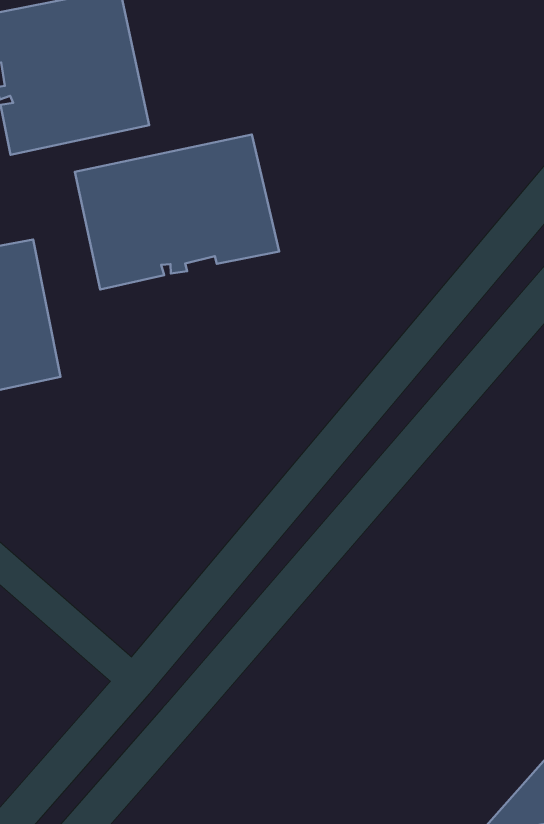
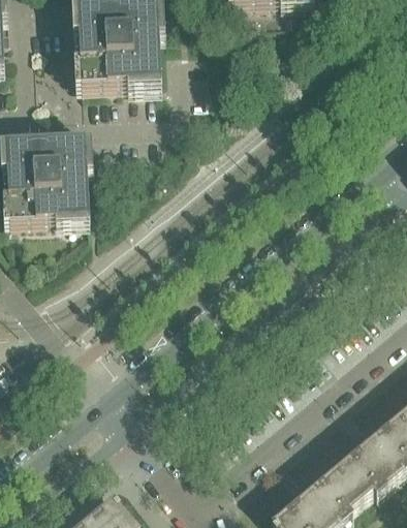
building: [75,134,279,290] -> none

